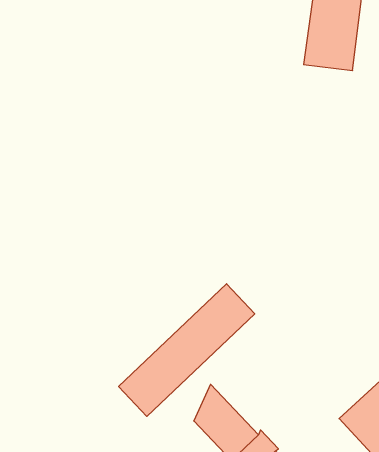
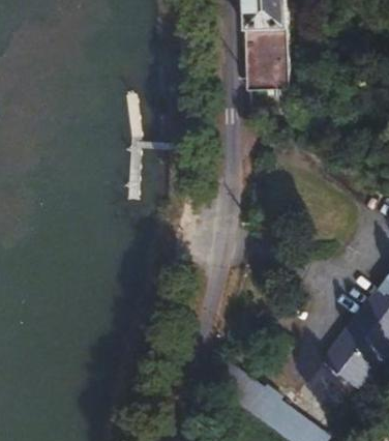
building: [119,284,255,416] -> none

